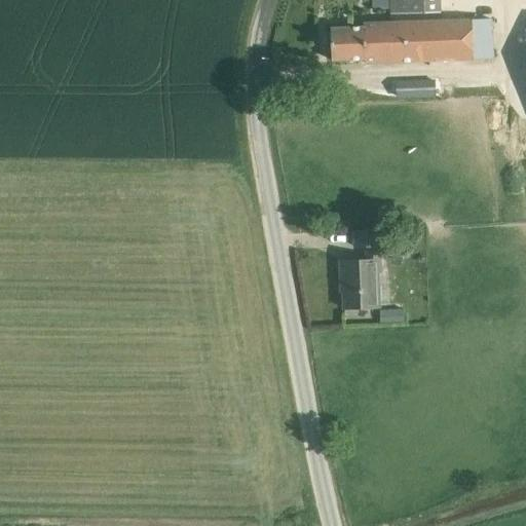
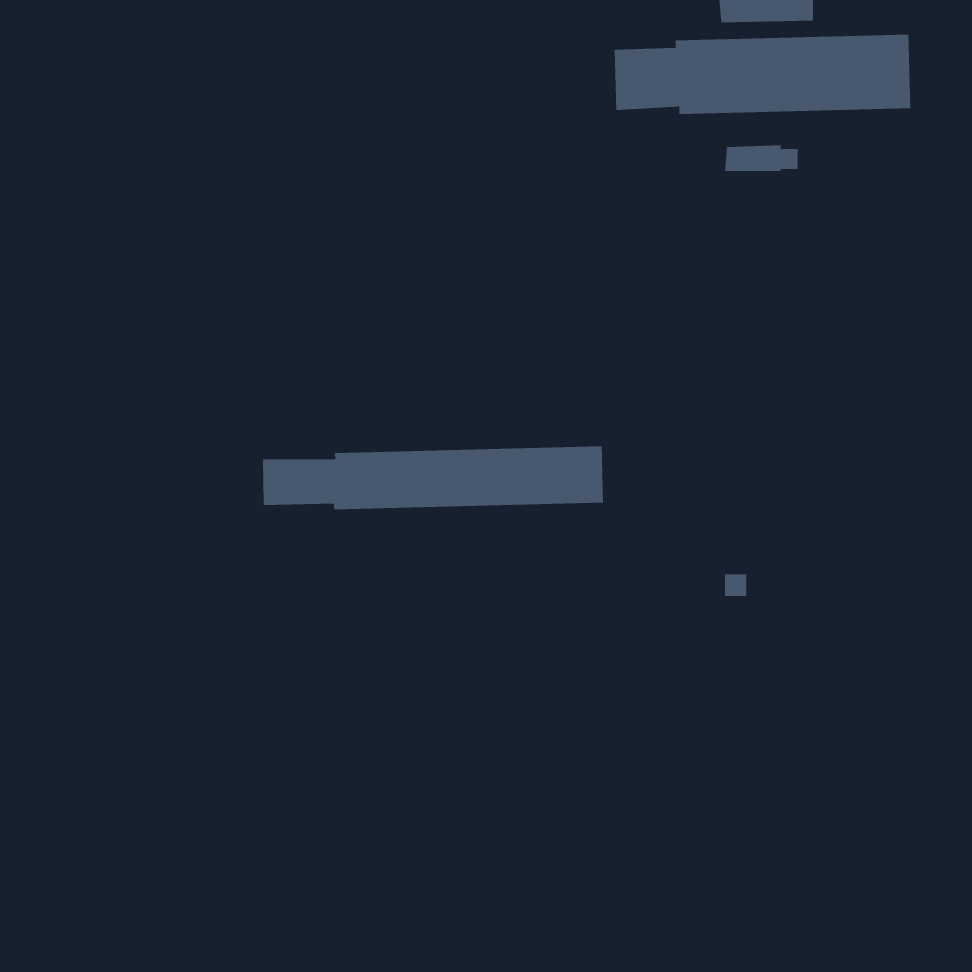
building: [340,230,379,307] -> none
building: none -> [262,446,604,510]

